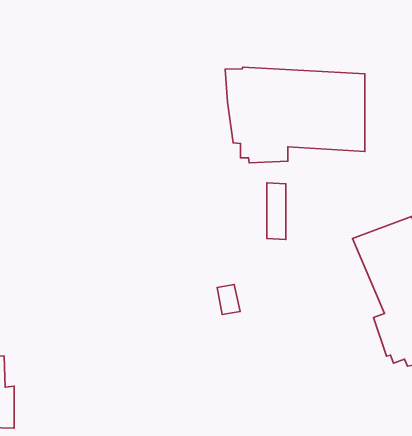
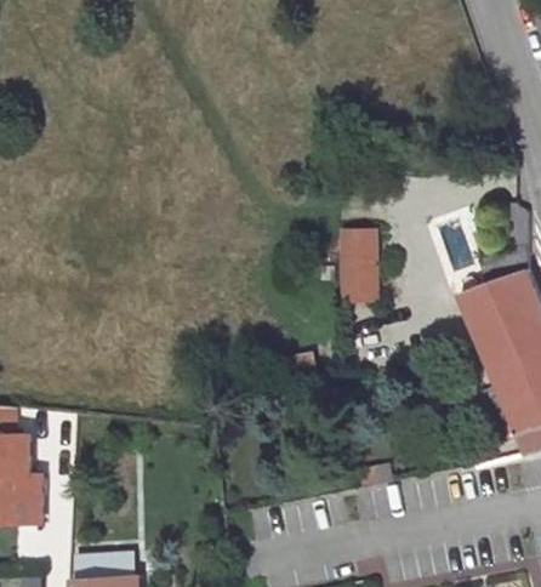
building: [225,67,365,163] -> none

